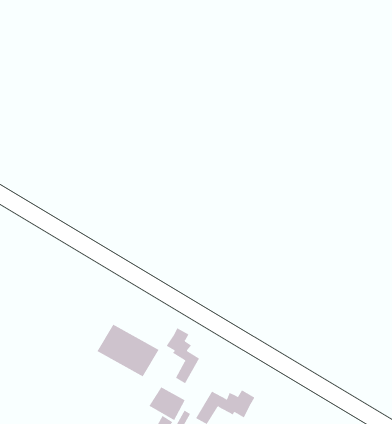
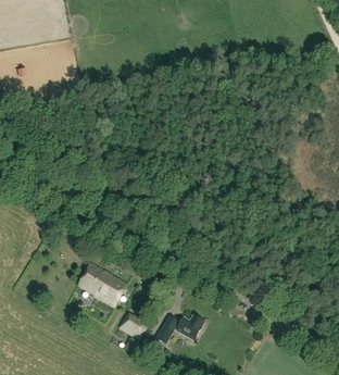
building: [166,328,200,384] -> none

